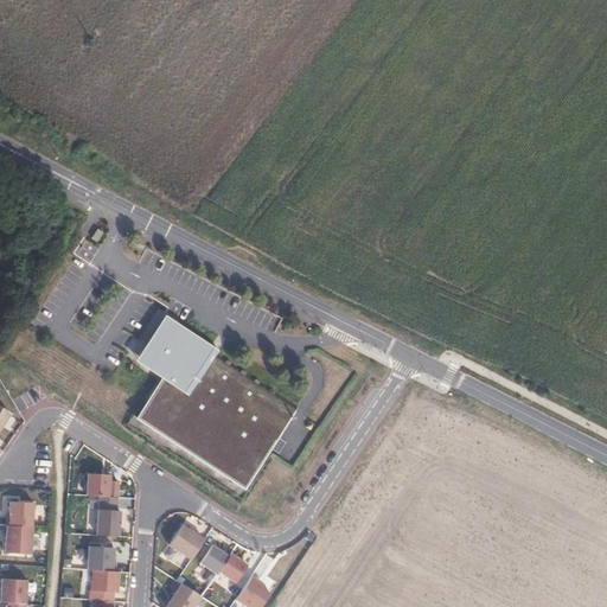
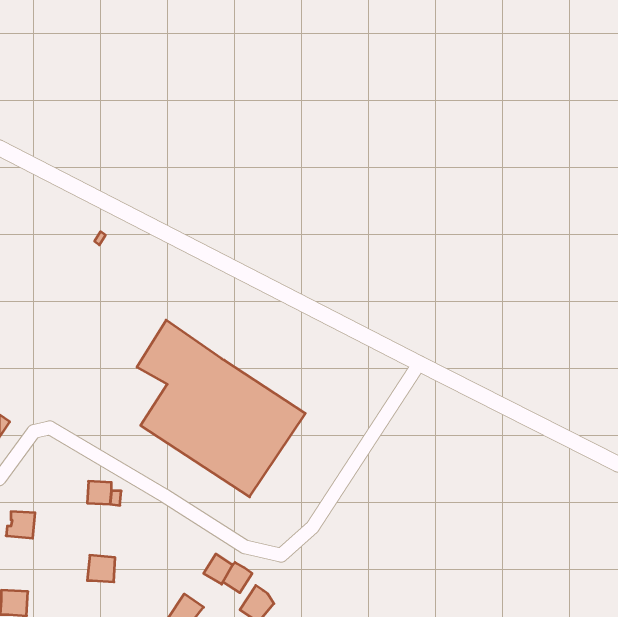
building: [95,510,120,536] -> none
building: [168,525,202,558] -> none
building: [5,526,32,555] -> none
building: [89,570,117,593] -> none

